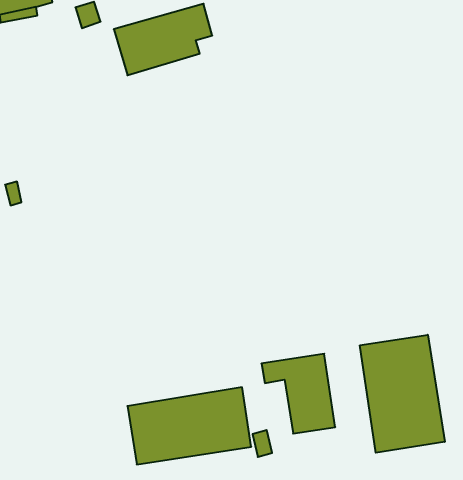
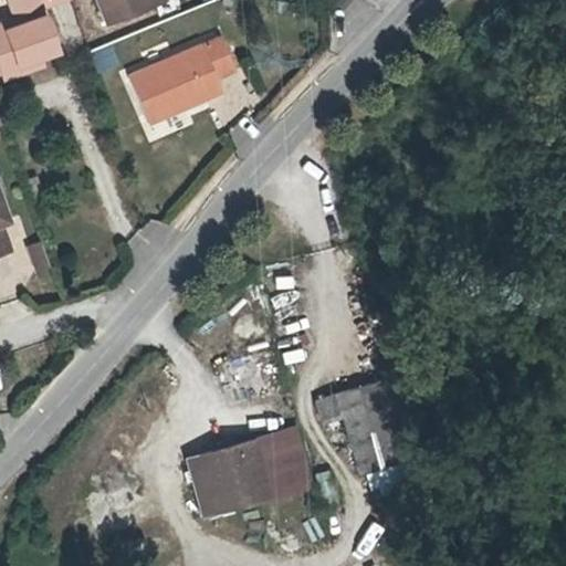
building: [360,335,445,453] -> none

